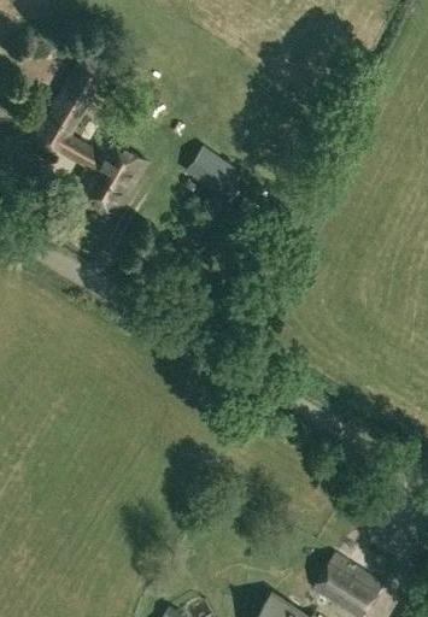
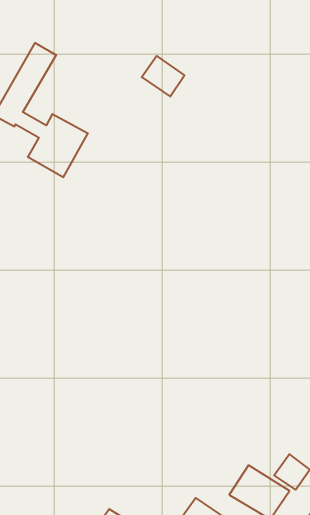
building: [187,149,238,198] -> [142,56,184,97]

